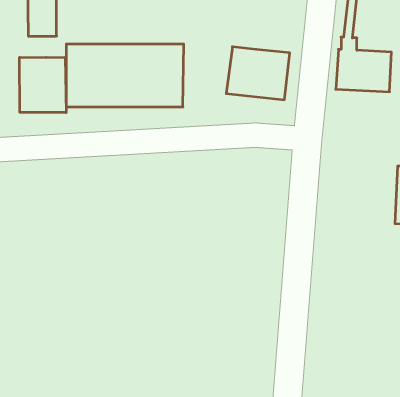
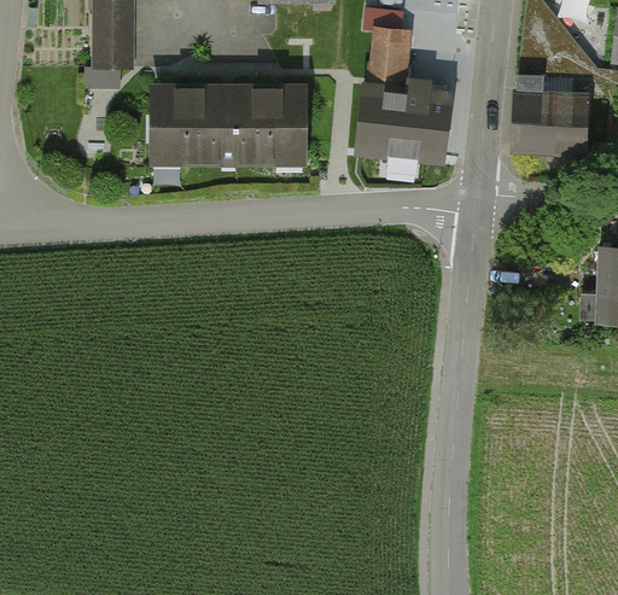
building: none -> [372,28,410,89]
building: [20,57,66,113] -> none

